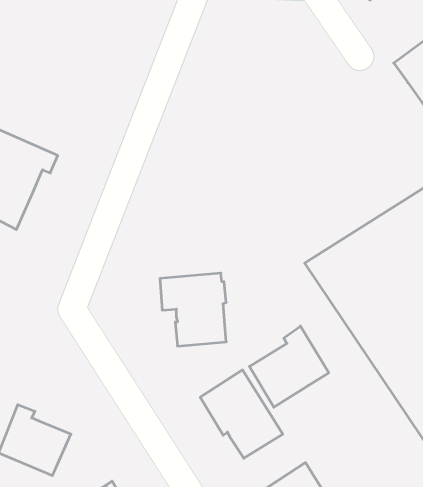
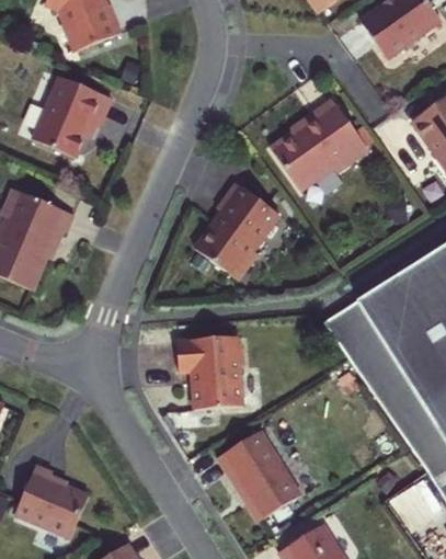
building: none -> [32,76,111,157]
building: none -> [271,98,368,189]
building: none -> [193,183,281,282]
building: [249,326,329,407] -> none

